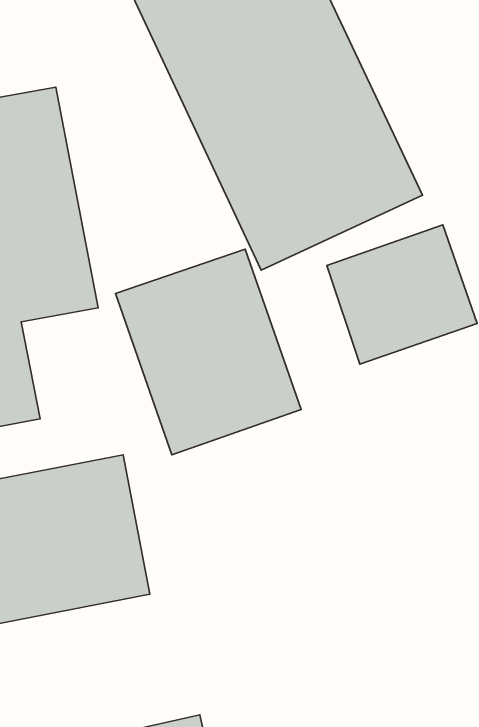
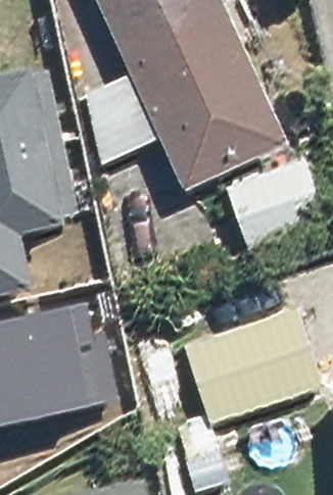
building: [115,249,301,455] -> none
building: none -> [181,305,317,425]

